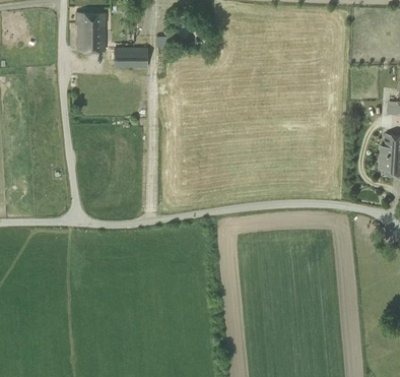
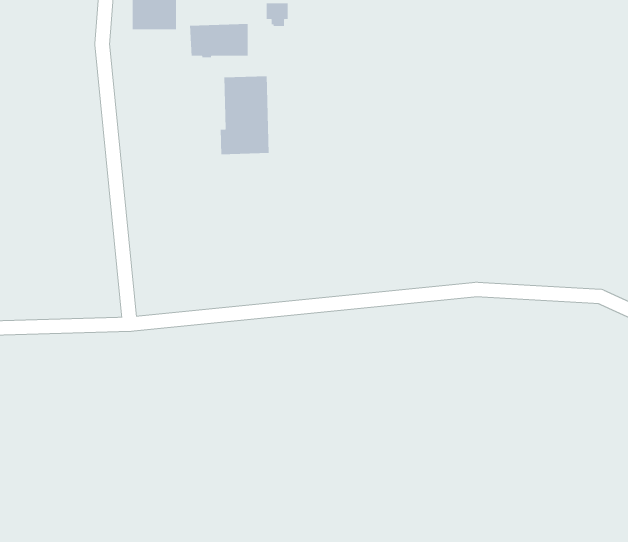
building: none -> [220,75,270,155]

